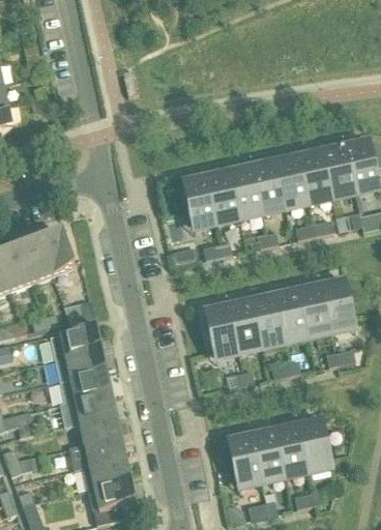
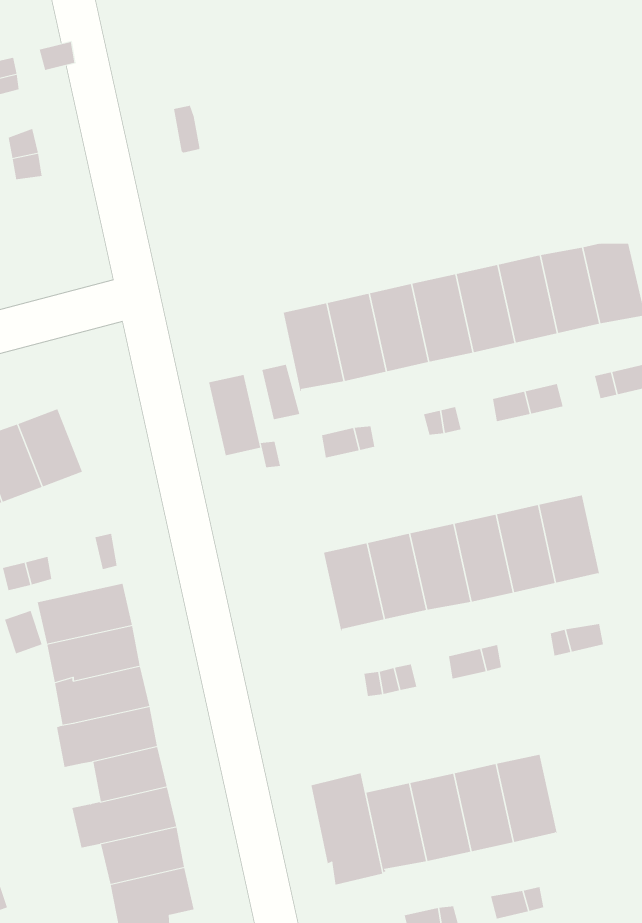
building: none -> [208,374,261,456]
building: none -> [311,772,383,886]

